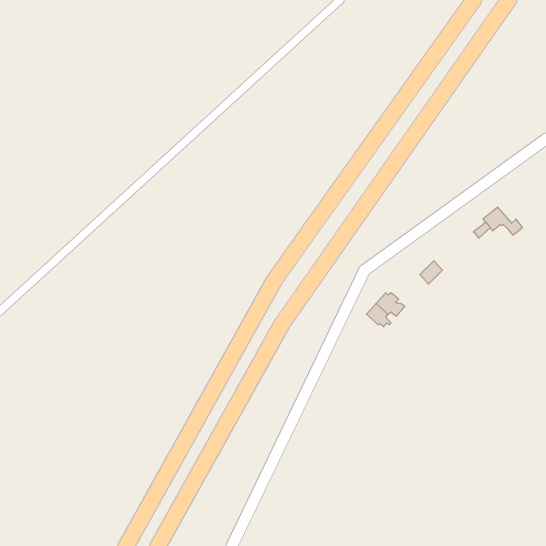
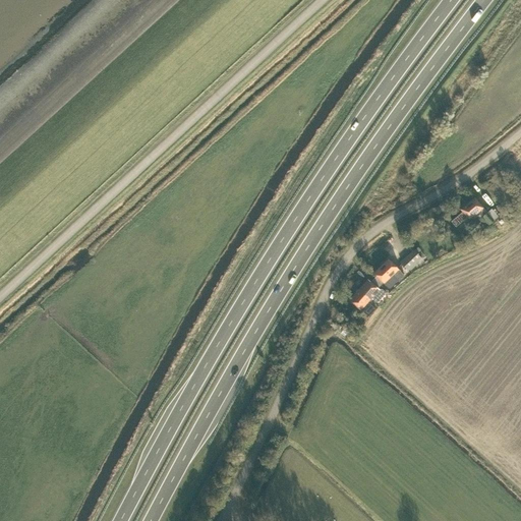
building: none -> [372,258,404,285]

